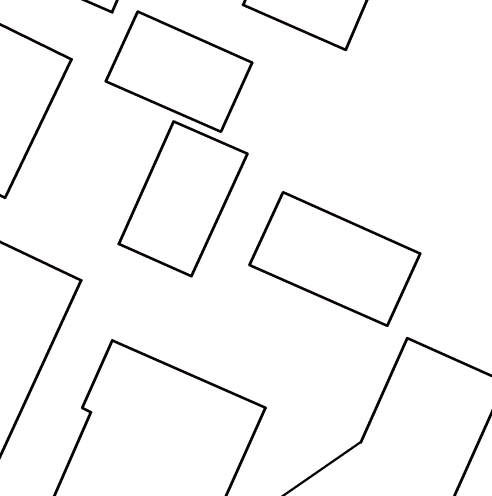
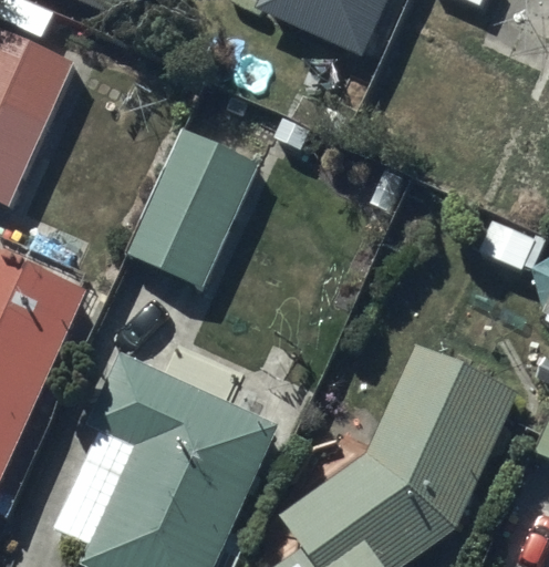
building: [106,12,252,132] -> none
building: [250,192,420,326] -> none

